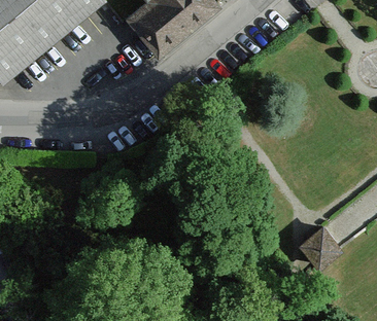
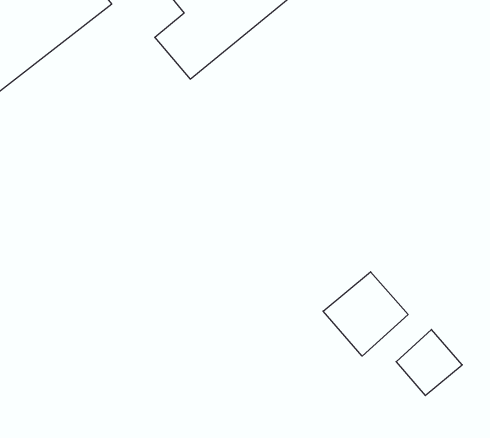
building: none -> [323,272,408,356]

